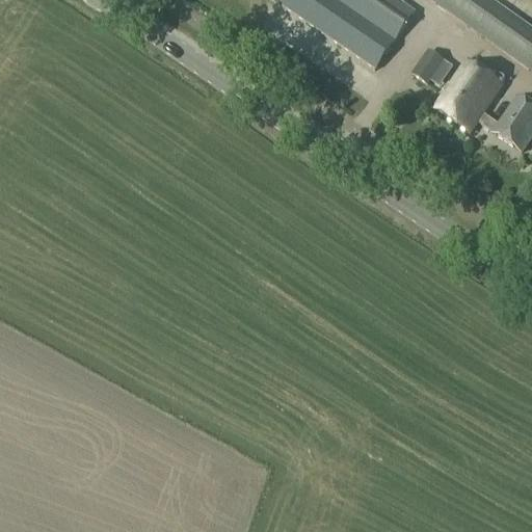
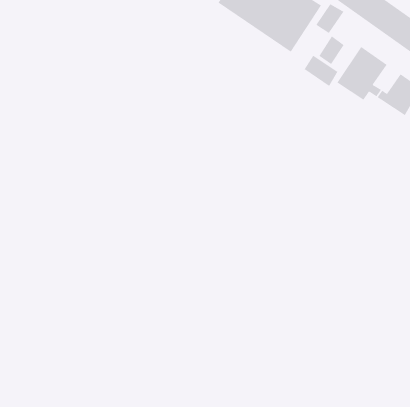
building: none -> [315,3,344,34]
building: none -> [304,55,338,87]

